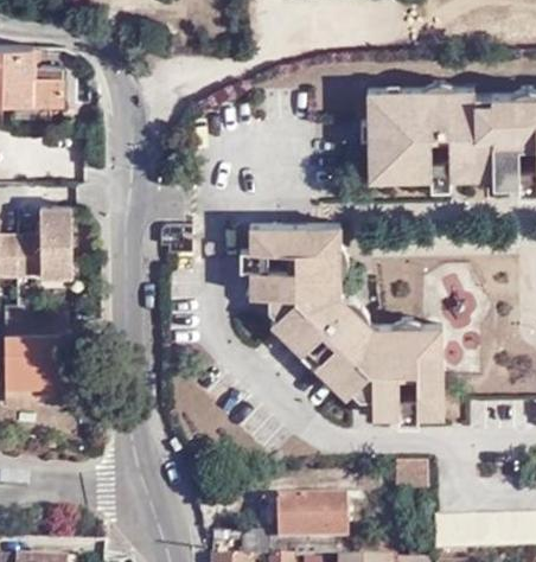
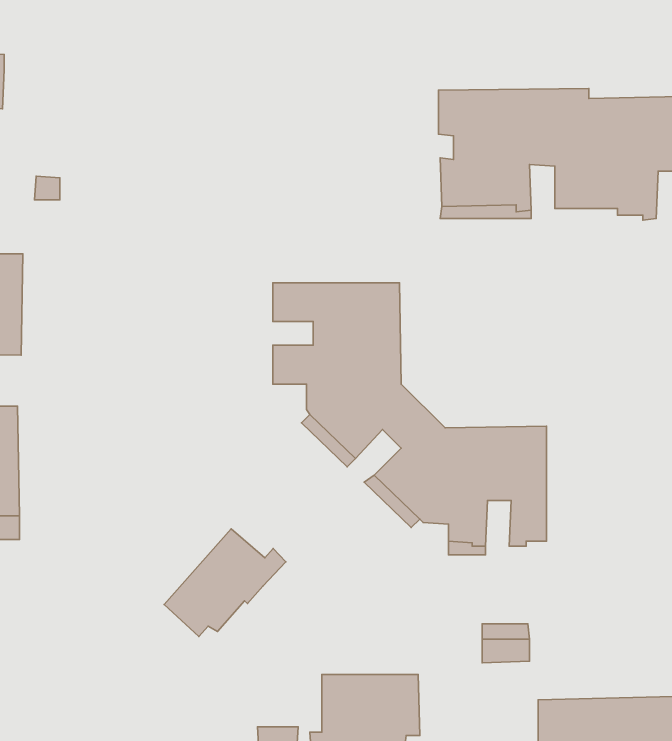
building: none -> [164,529,286,637]

